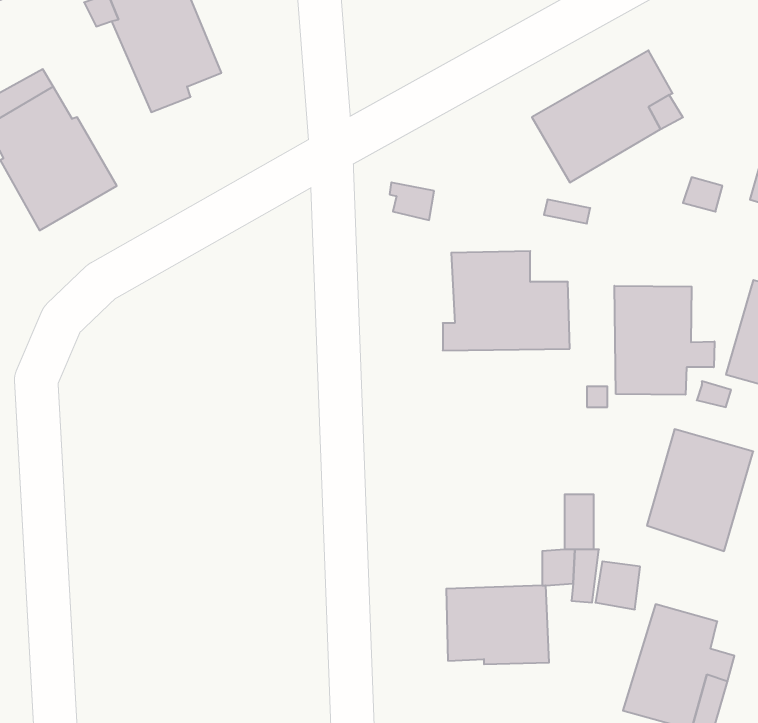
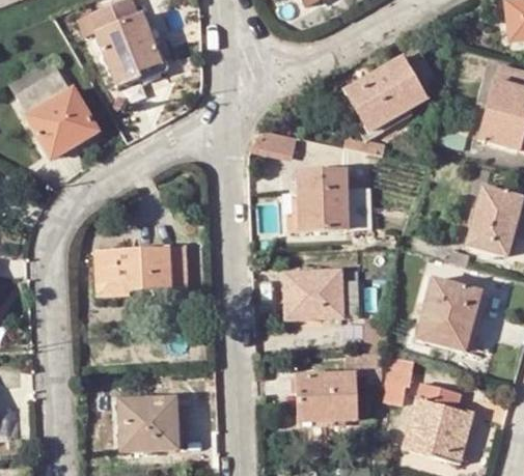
building: [614,286,714,395] -> none
building: none -> [96,247,186,296]
building: none -> [284,270,359,318]
building: none -> [119,395,180,449]

